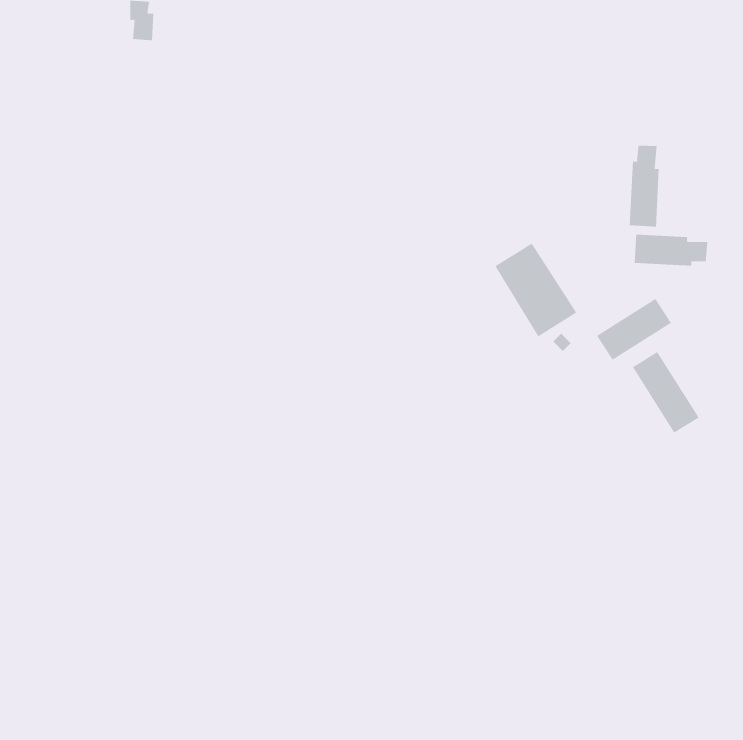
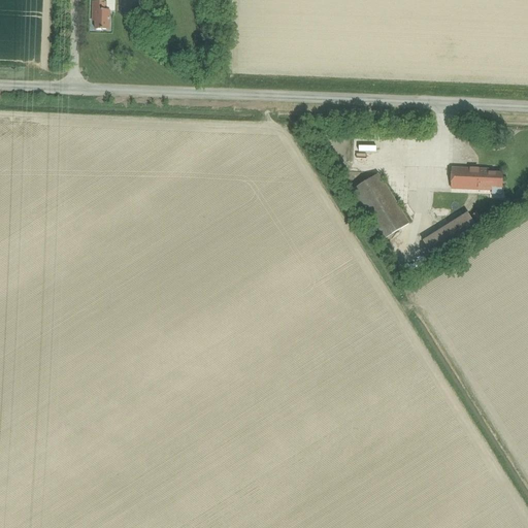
building: [629,145,659,227] -> none
building: [632,351,700,434] -> none

